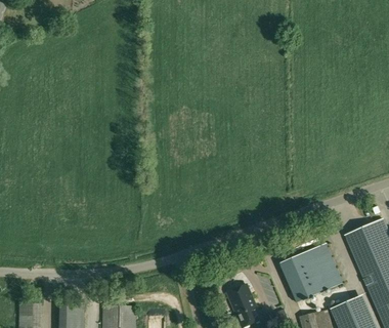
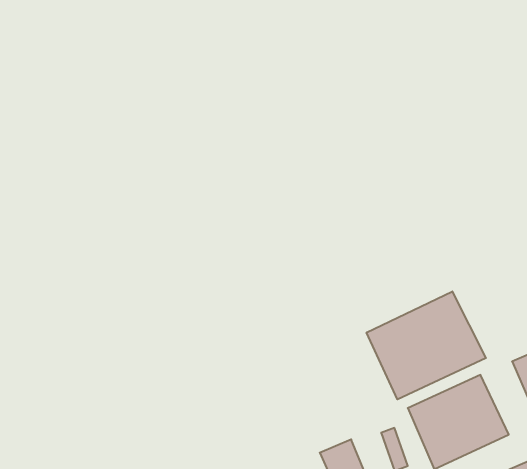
building: none -> [367,291,486,399]

